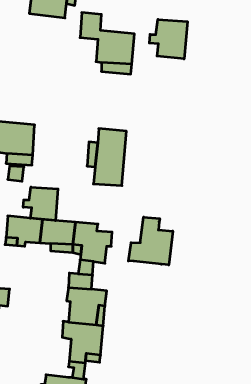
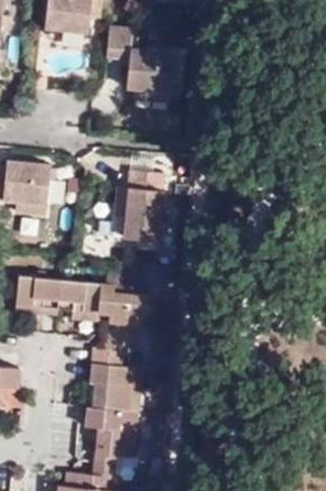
building: [149,19,187,59] -> none
building: [23,187,58,221] -> none
building: [128,217,173,265] -> none

